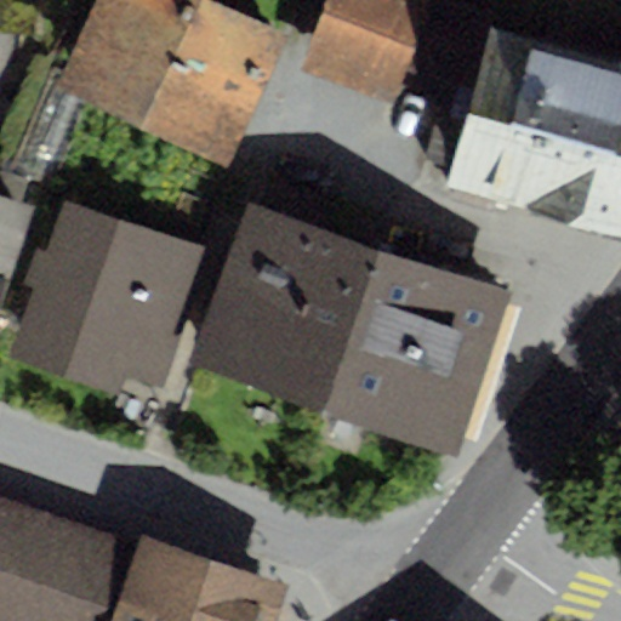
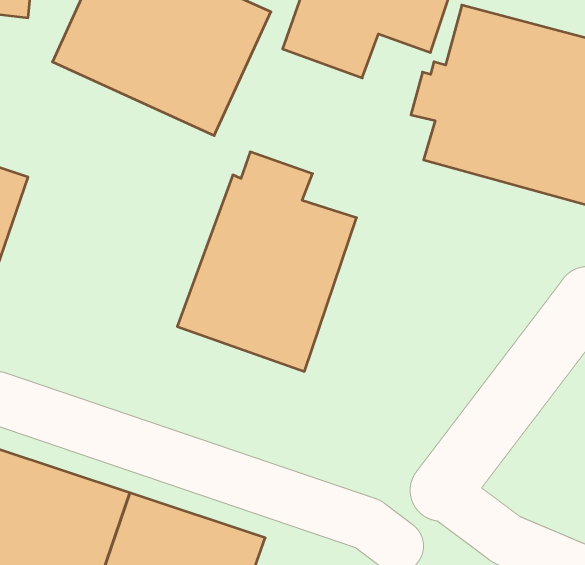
building: [8,200,198,397] -> none
building: [323,249,509,454] -> none

